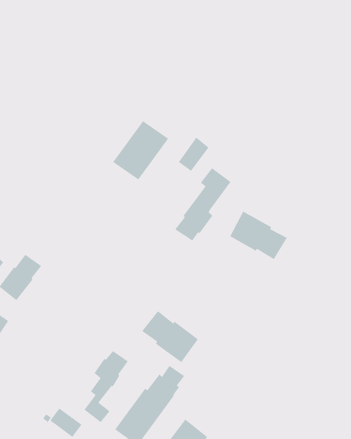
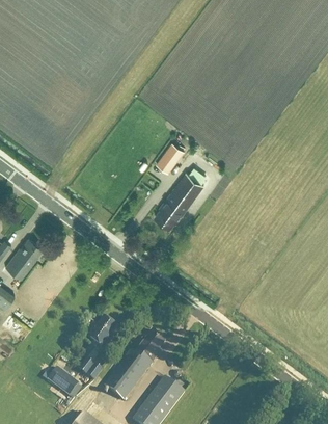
building: [112,120,169,181] -> none
building: [229,211,288,260] -> none
building: [141,310,199,363] -> none

